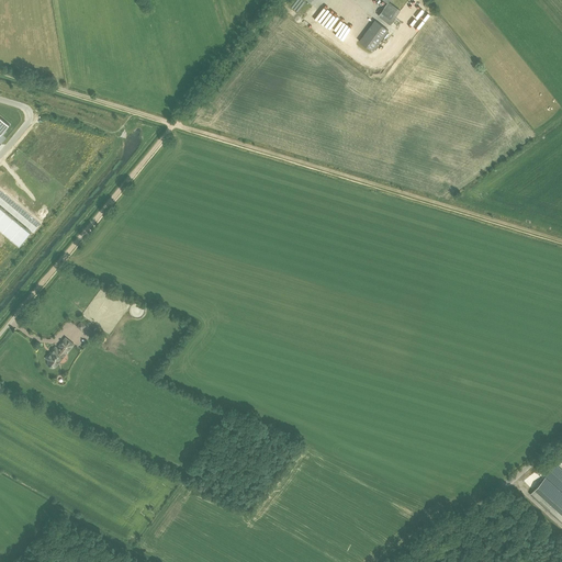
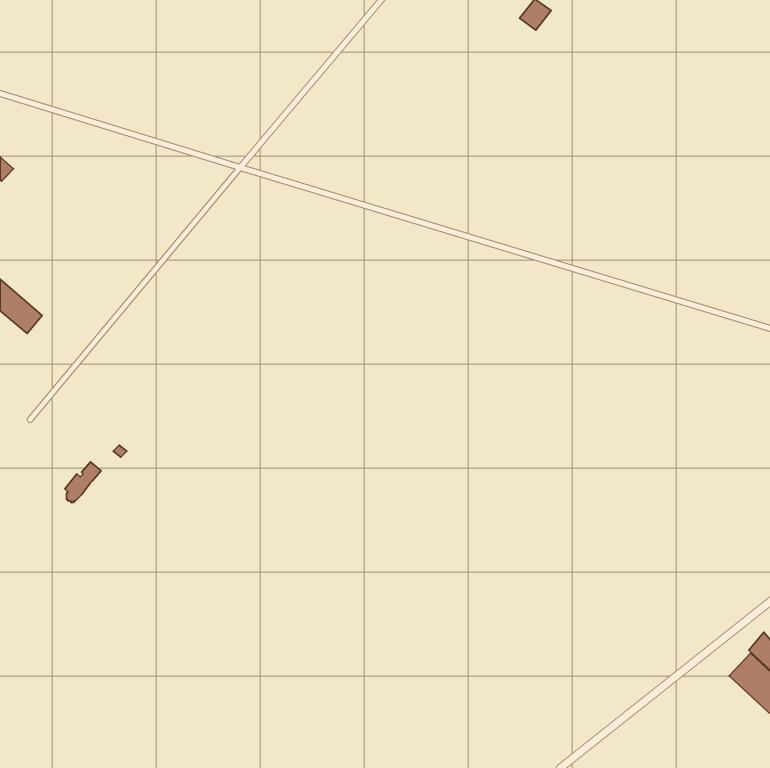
building: [360,18,390,49] -> none

